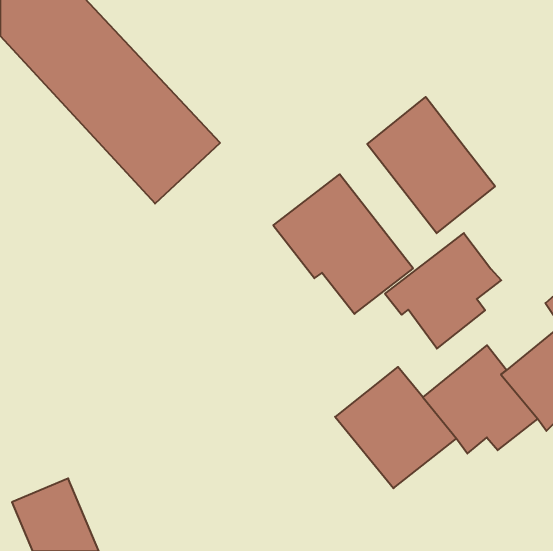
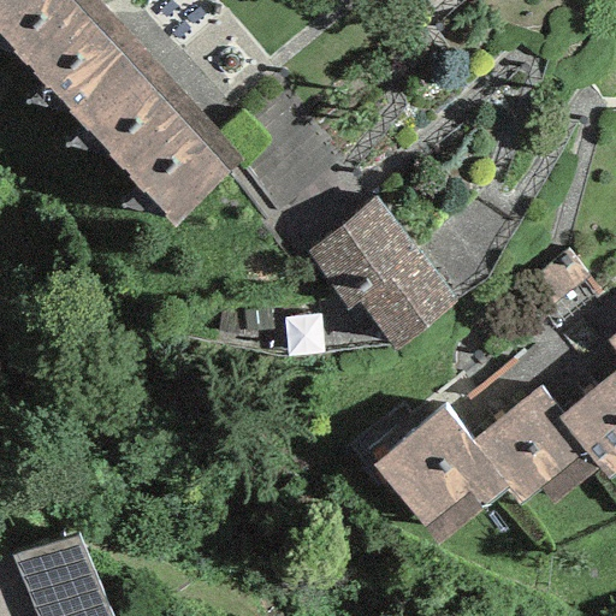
building: [367,97,495,233] -> none
building: [385,233,501,349] -> none

